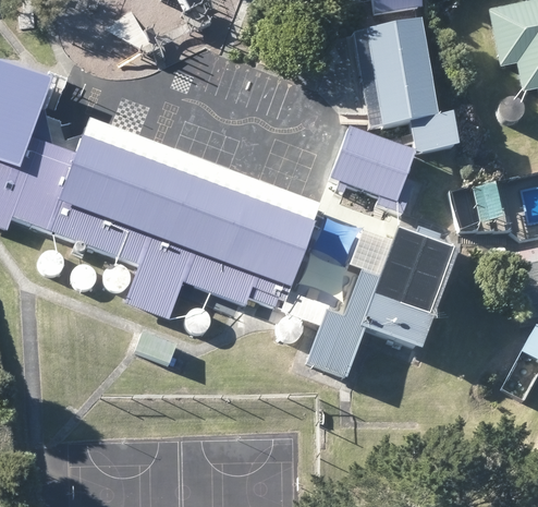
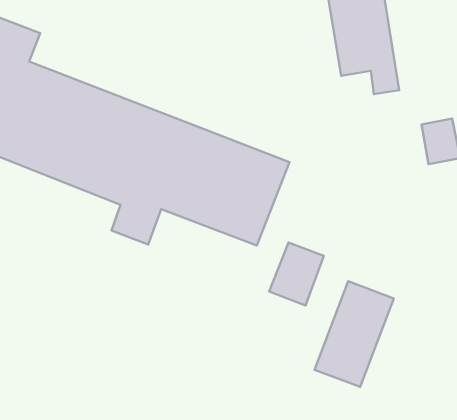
building: [331,131,419,208] -> none
building: [363,230,448,343] -> [315,281,394,387]

